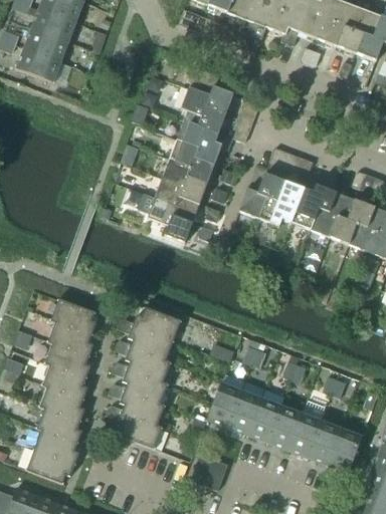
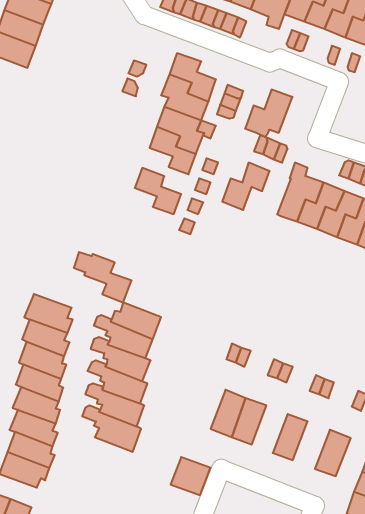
building: [163,159,207,203] -> none
building: [259,181,305,226] -> [245,90,293,137]
building: [138,195,193,243] -> [74,252,132,303]
building: [207,381,242,427] -> none
building: [267,405,302,450] -> none
building: [307,420,342,465] -> none

